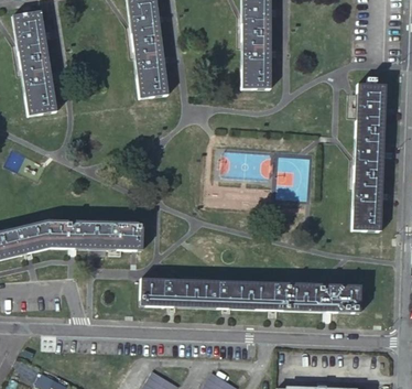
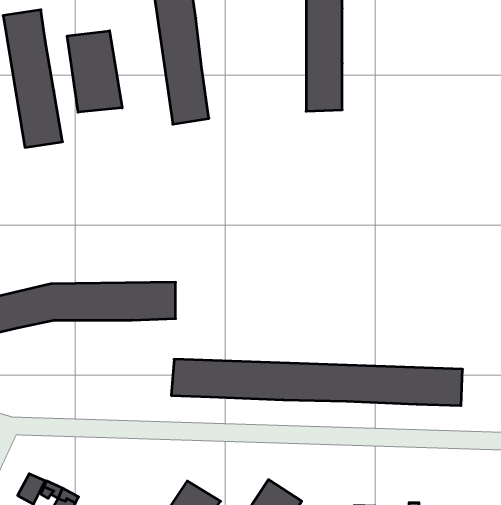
building: none -> [67,31,122,112]
building: [350,83,386,230] -> none

